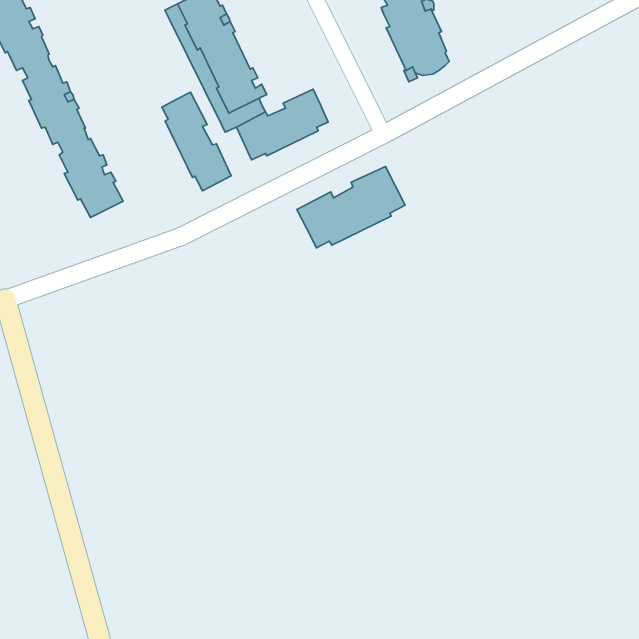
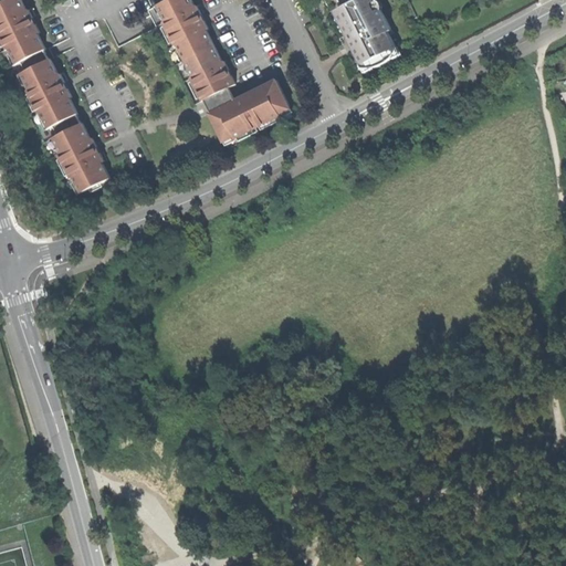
building: [162,92,231,191] -> none
building: [297,167,405,248] -> none

